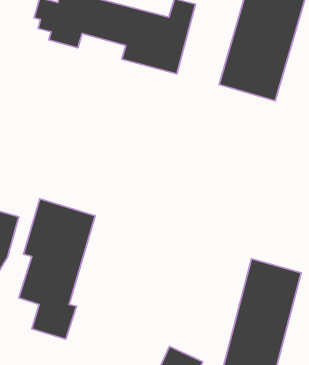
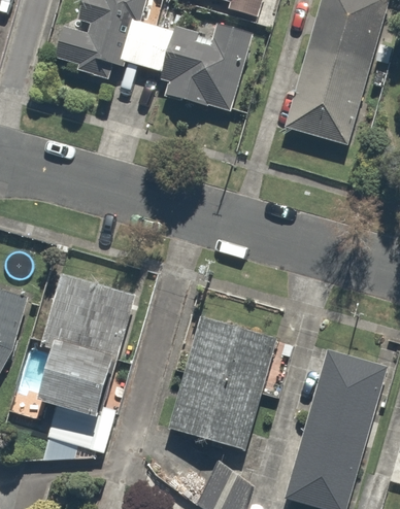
building: none -> [167,313,303,449]

